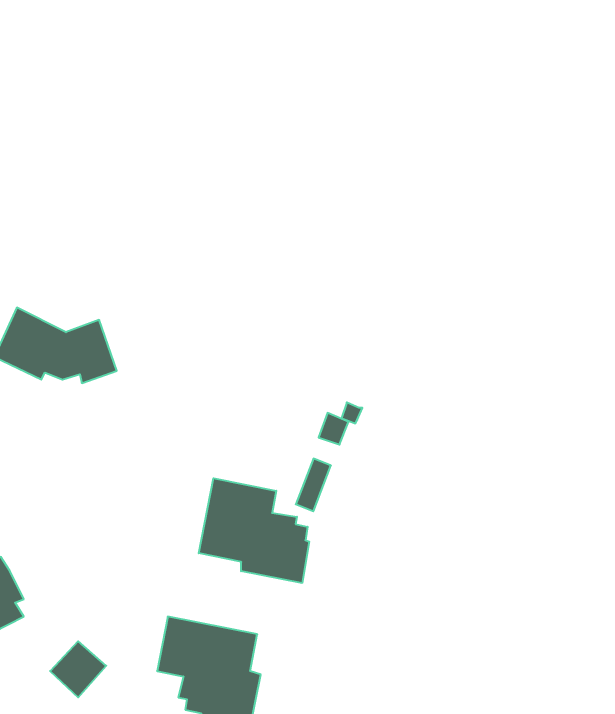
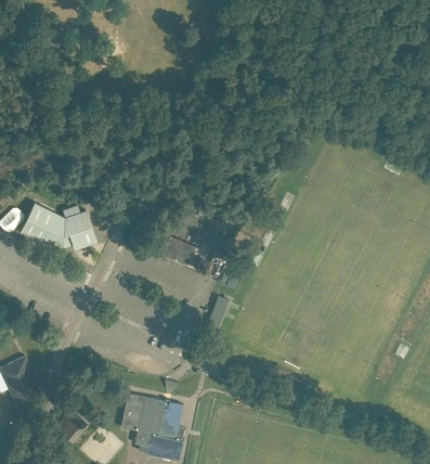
building: none -> [160,236,194,266]
building: [199,478,309,583] -> none

